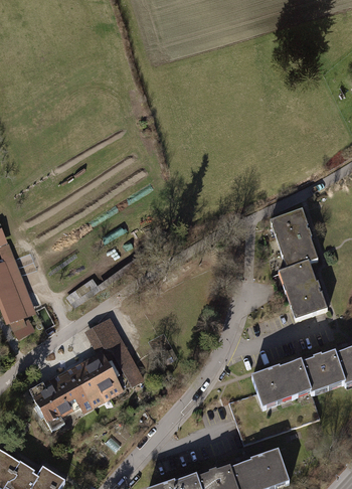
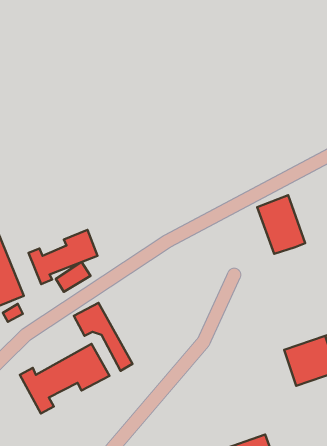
building: none -> [29,230,97,284]
building: [277,260,325,318] -> none
building: [249,363,308,415] -> none

